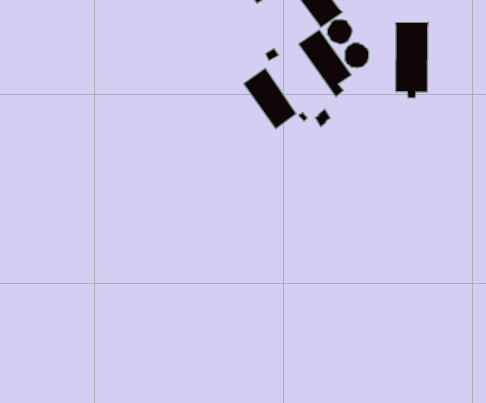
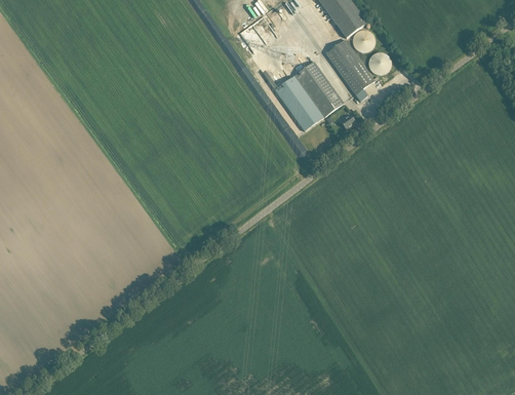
building: [396,22,428,98] -> none
building: none -> [294,62,344,117]

